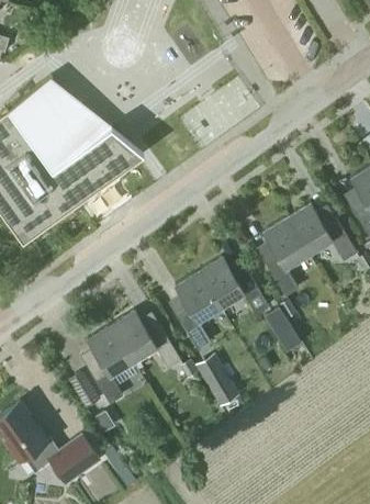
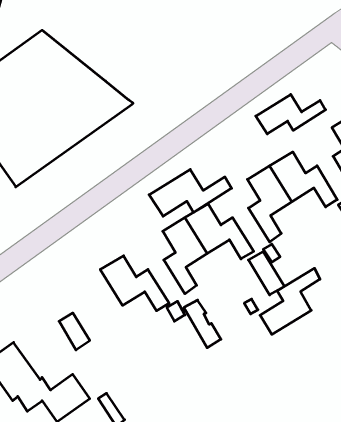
building: none -> [256,94,326,134]
building: none -> [149,169,232,216]
building: none -> [260,268,320,334]
building: [88,326,134,404] -> none

